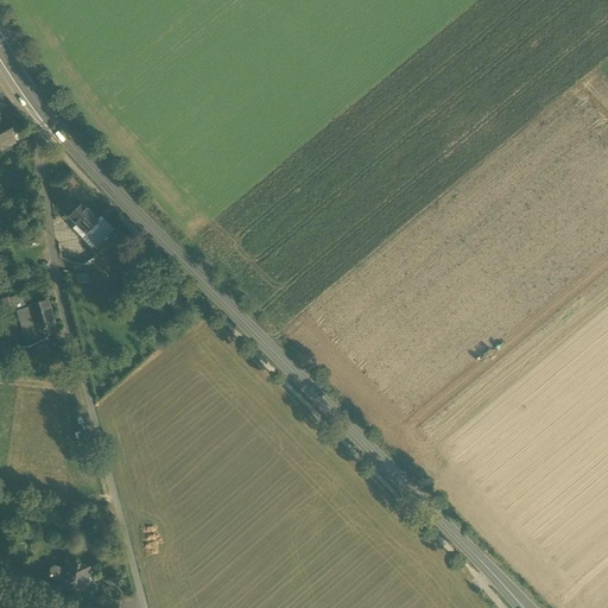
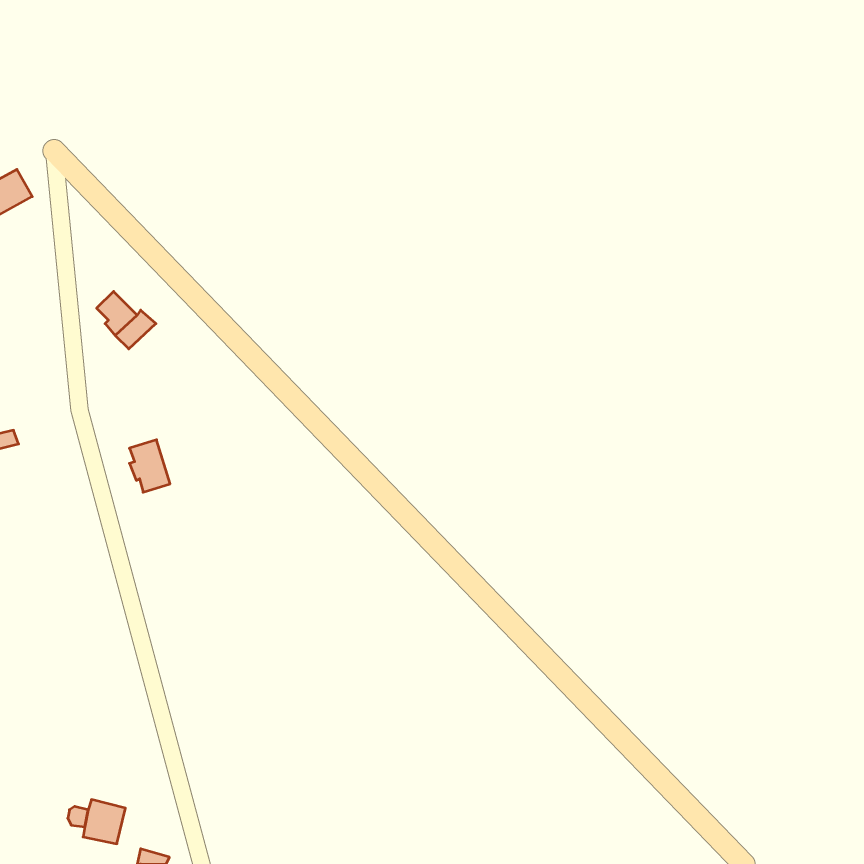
building: [26,300,55,337] -> [129,440,170,492]

